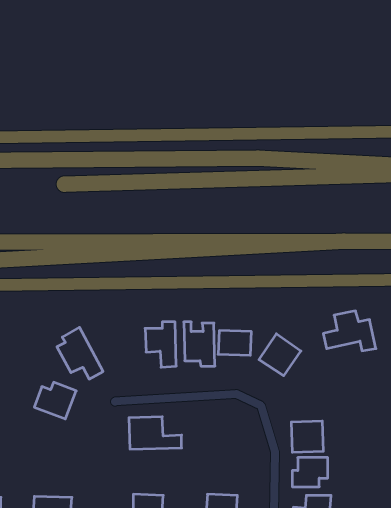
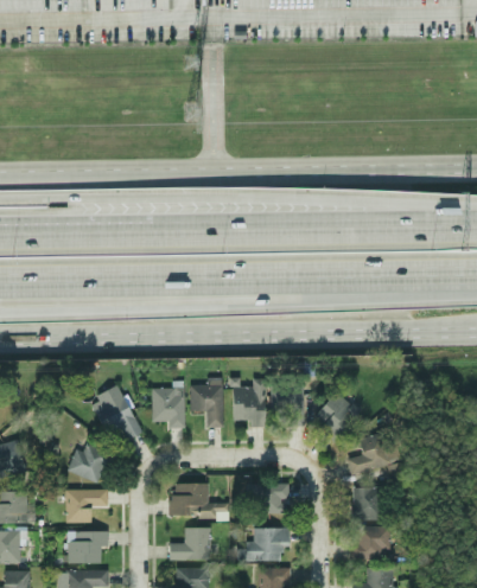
building: [323,311,376,351] -> [346,434,405,478]
building: none -> [151,382,185,429]
building: none -> [260,484,288,514]
building: none -> [65,491,107,523]
building: none -> [168,528,210,561]
building: none -> [246,528,290,562]
building: none -> [68,531,108,564]

